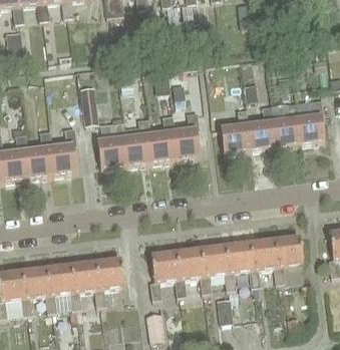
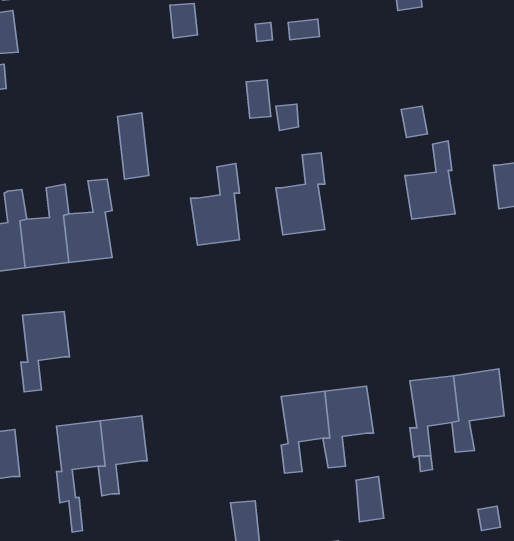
building: [271,100,303,145] -> none
building: [220,107,250,152] -> none
building: [147,113,176,160] -> none
building: [96,119,126,167] -> none
building: [224,242,253,289] -> none
building: [149,251,179,298] -> none
building: [94,259,124,305] -> none
building: [20,268,48,314] -> [21,312,70,392]

